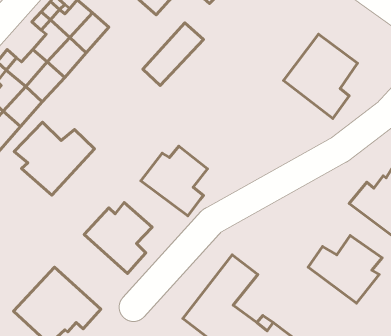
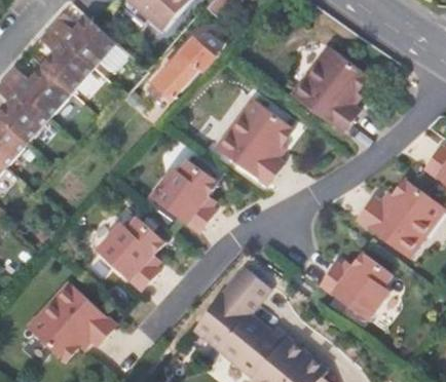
building: none -> [217,99,293,184]
building: [14,122,94,195] -> none

